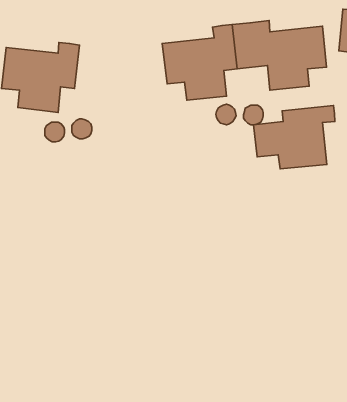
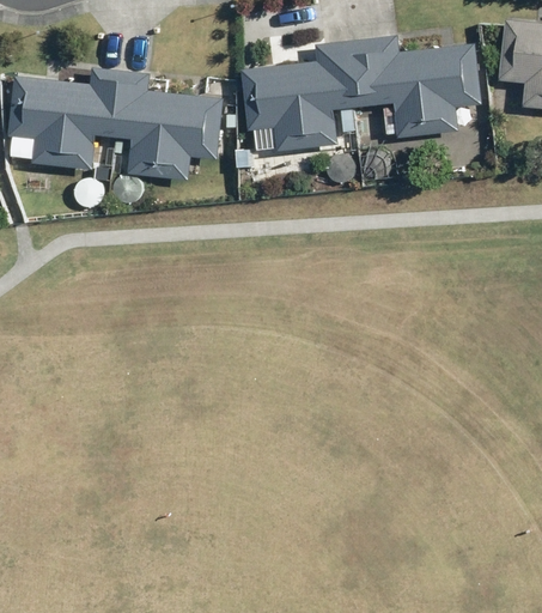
building: none -> [114,72,223,181]
building: [254,105,335,169] -> none

